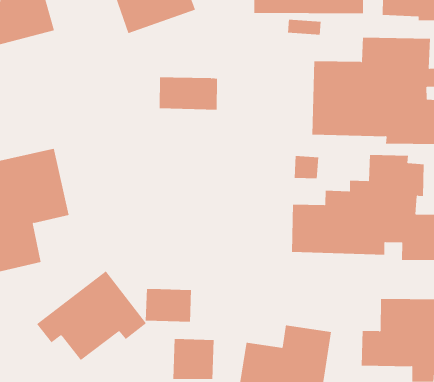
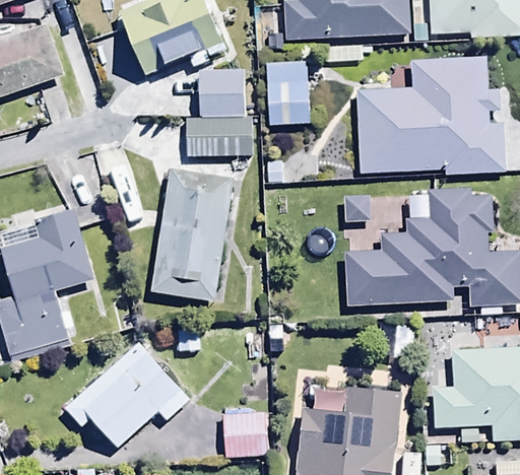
building: none -> [266,62,309,127]
building: none -> [199,70,244,119]
building: none -> [151,166,233,302]
building: [145,288,191,322] -> none

